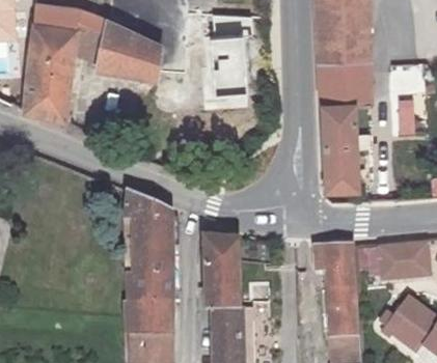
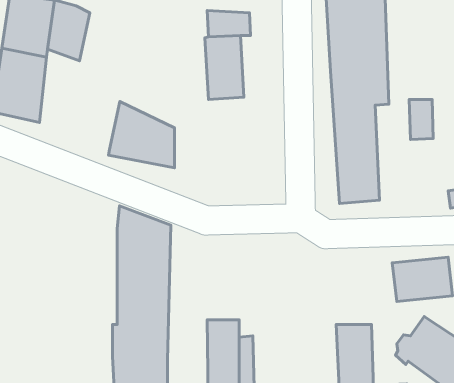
building: [92,19,153,79] -> [108,102,175,168]
building: [200,228,239,298] -> none
building: [319,244,359,302] -> none

